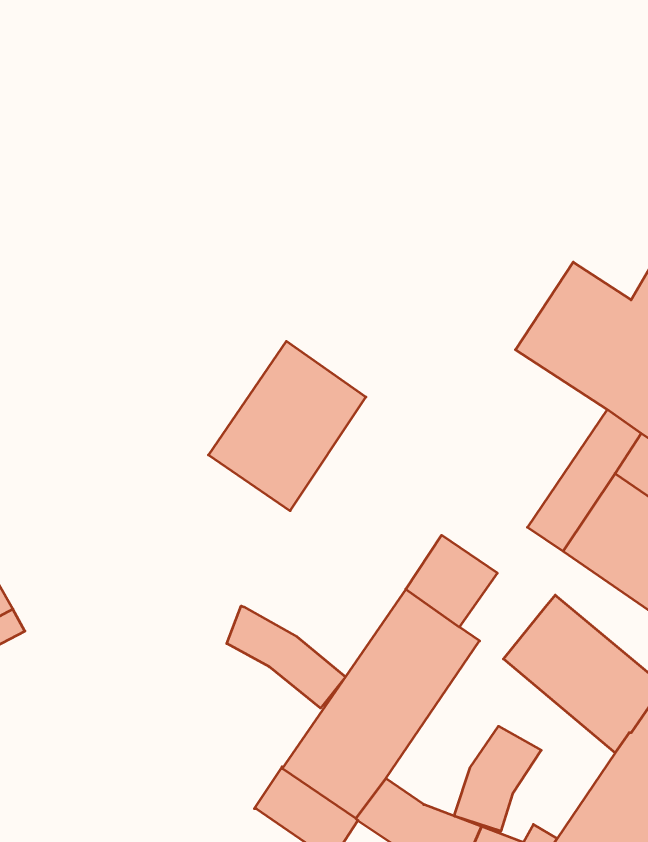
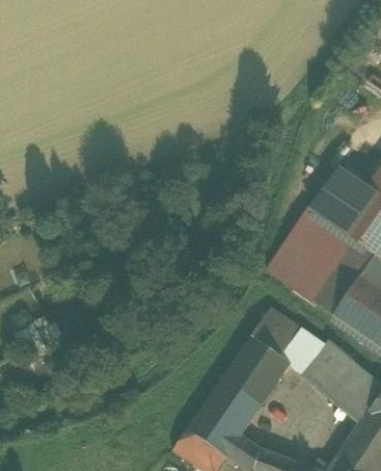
building: [208,341,366,511] -> [267,212,349,300]
building: none -> [279,328,324,372]
building: [227,606,345,708] -> none
building: [455,726,541,831] -> none

